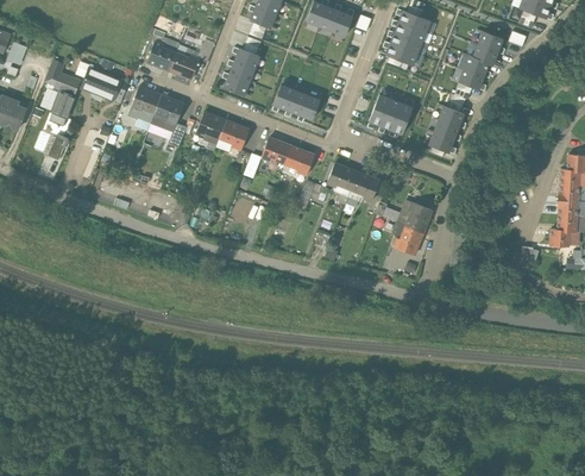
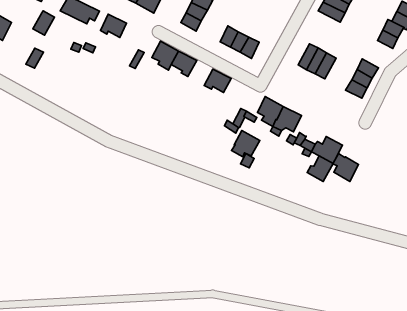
building: [151,94,183,131] -> none
building: [282,145,314,176] -> [232,131,260,157]
building: none -> [333,153,359,181]

